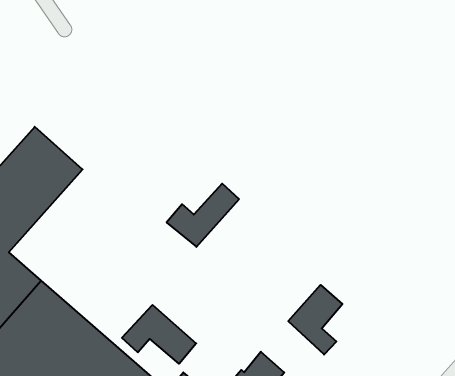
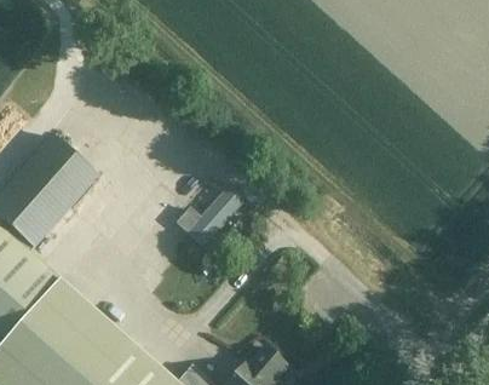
building: [288,285,342,355] -> none
building: [122,305,196,364] -> none

